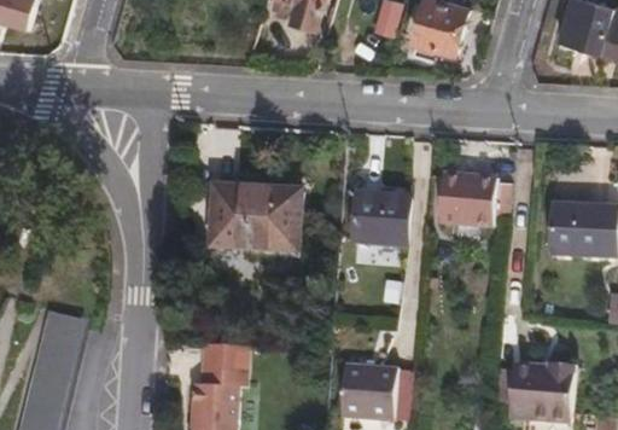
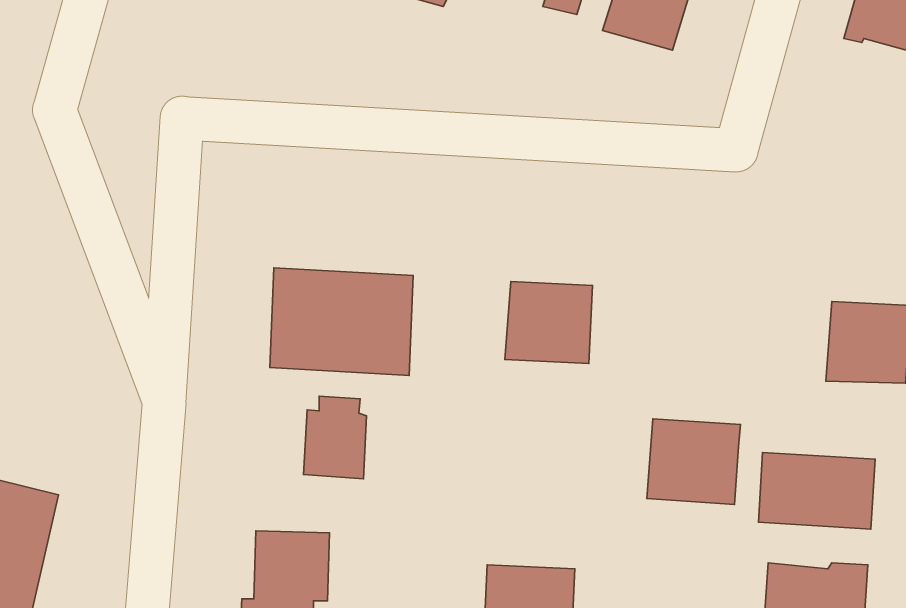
building: [438,174,495,226] -> [647,419,741,504]
building: none -> [303,396,367,479]
building: none -> [758,453,875,529]

